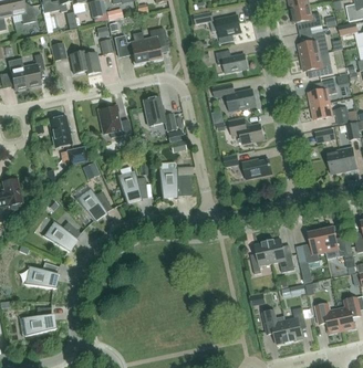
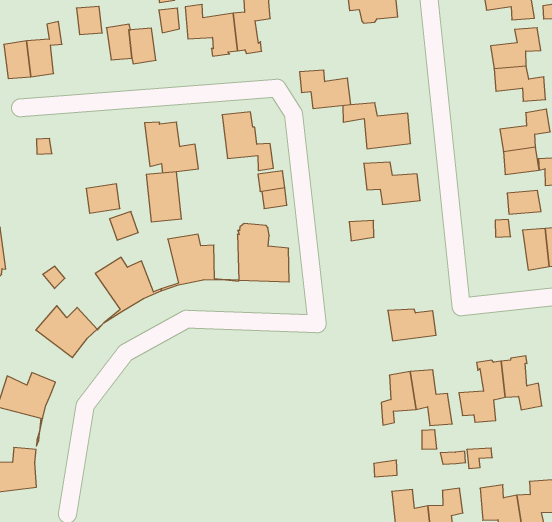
building: [216,50,248,73] -> [300,70,351,109]
building: [49,116,72,147] -> [146,172,182,222]
building: [242,159,272,179] -> [388,309,436,341]

